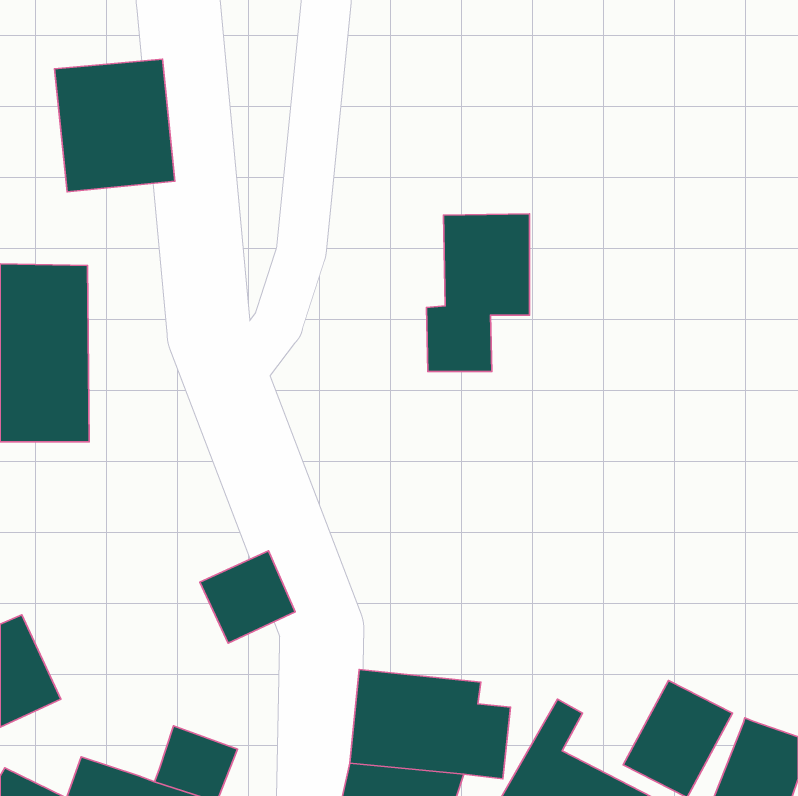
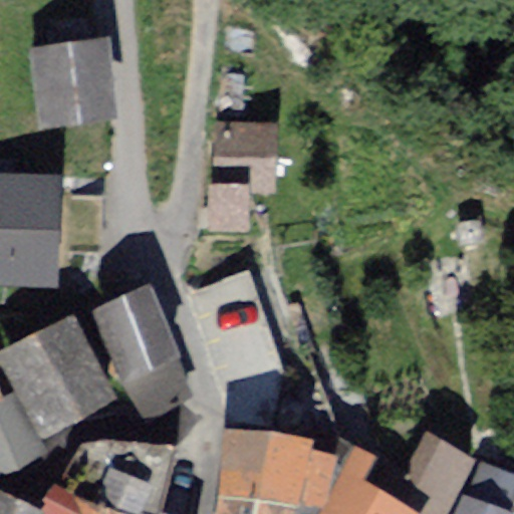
building: [426,214,529,371] -> [207,122,273,224]
building: none -> [99,290,173,375]
building: none -> [7,320,106,421]

